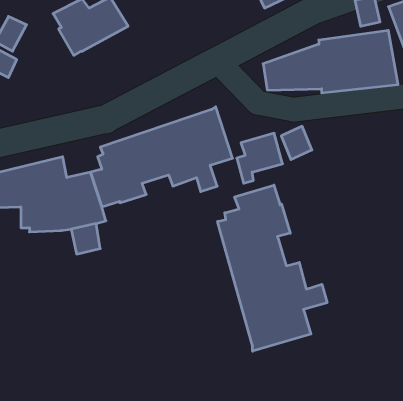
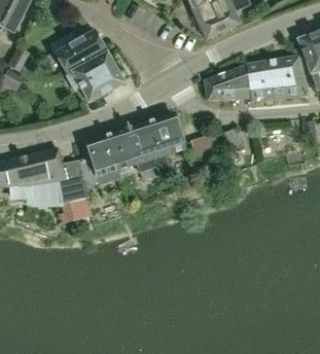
building: none -> [72,51,125,100]
building: [218,185,327,351] -> none

